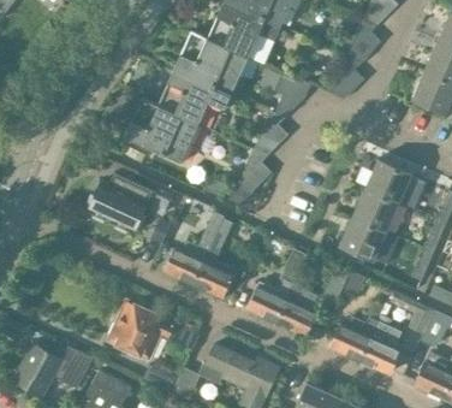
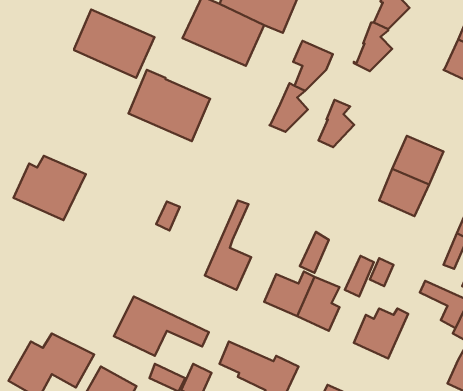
building: [159,69,232,131] -> [74,9,155,78]
building: [239,148,272,191] -> [319,100,354,147]
building: [88,172,154,231] -> [13,156,86,220]
building: [165,211,225,285] -> none
building: [340,217,386,259] -> none
building: [362,320,403,374] -> none

